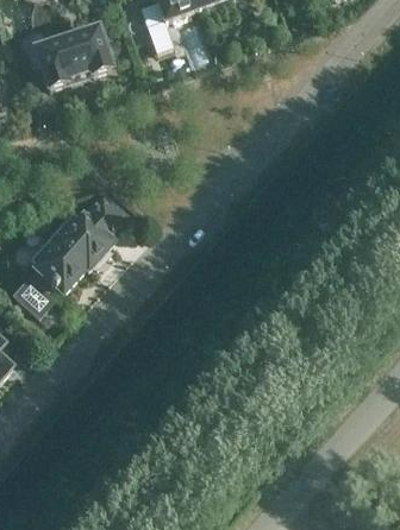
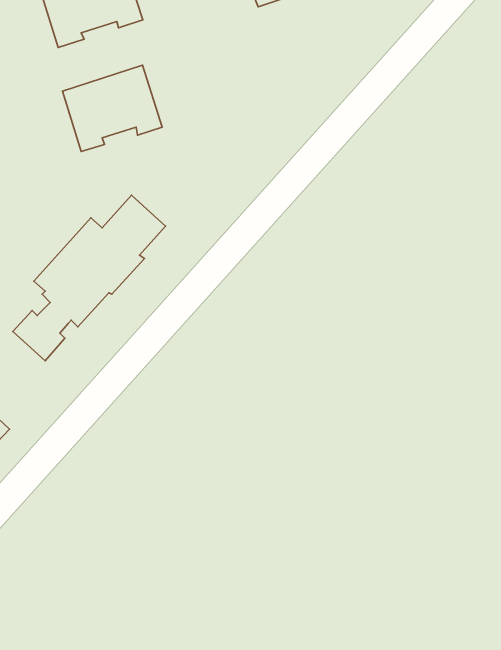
building: none -> [63,65,162,152]

